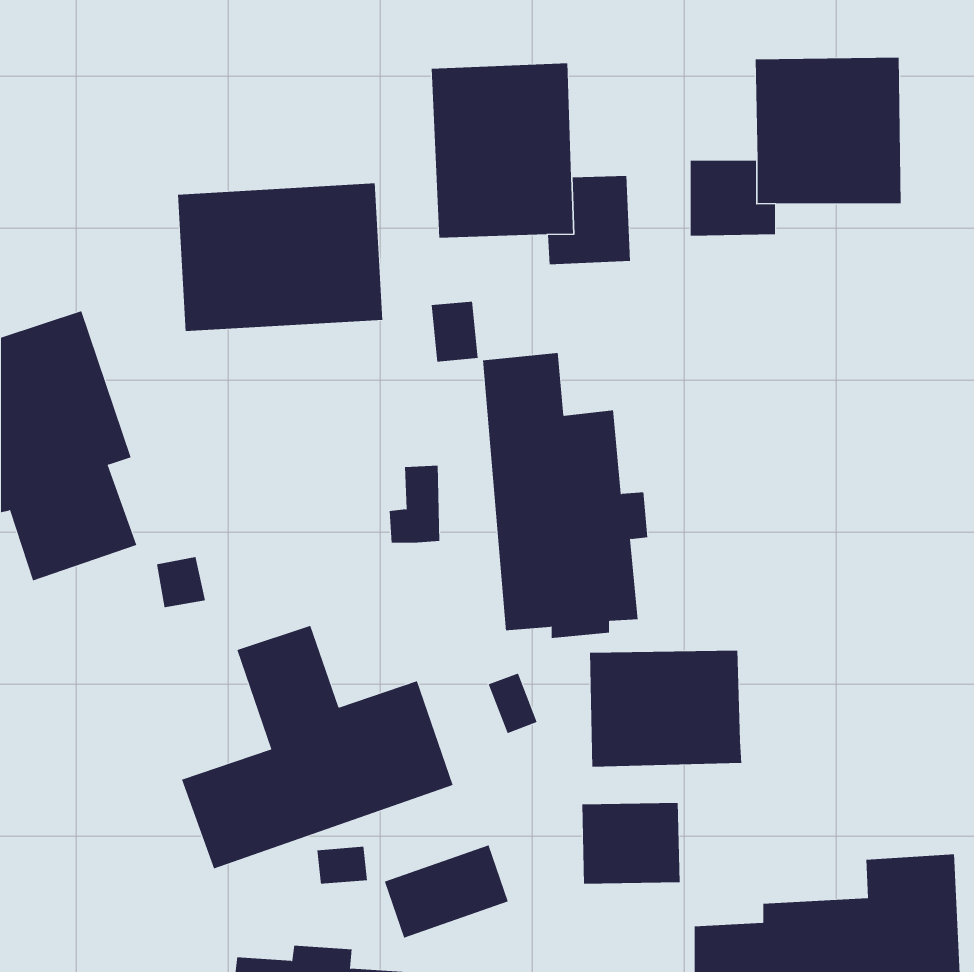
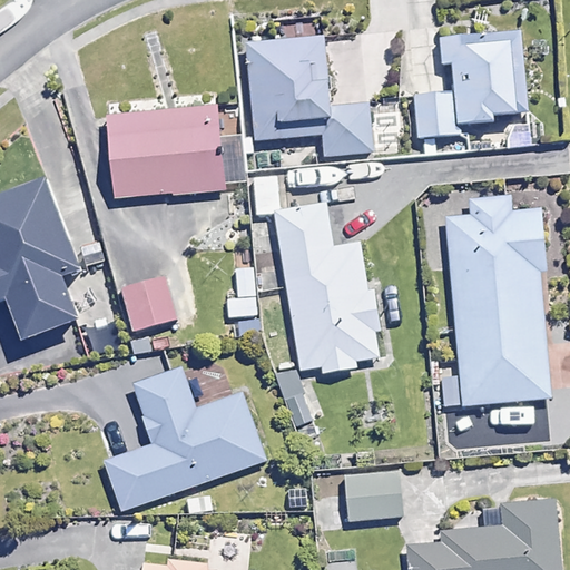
building: none -> [445,197,552,401]
building: none -> [118,275,173,328]
building: [590,650,742,768] -> none
building: [384,845,508,938] -> none

